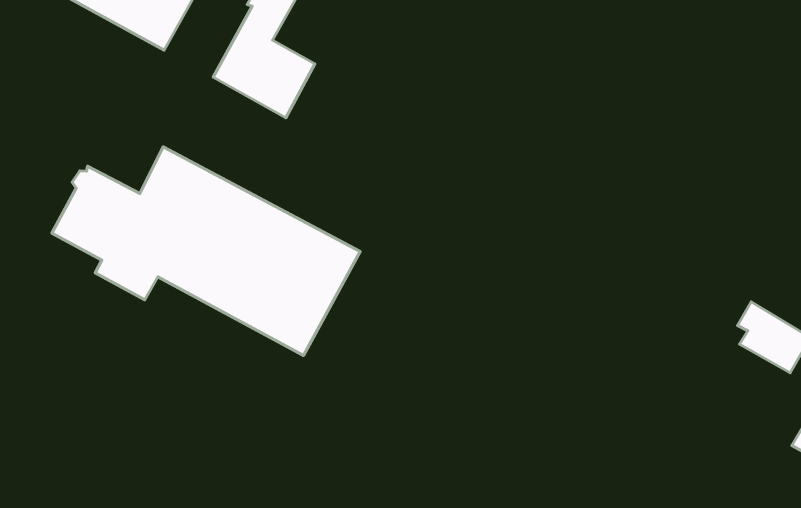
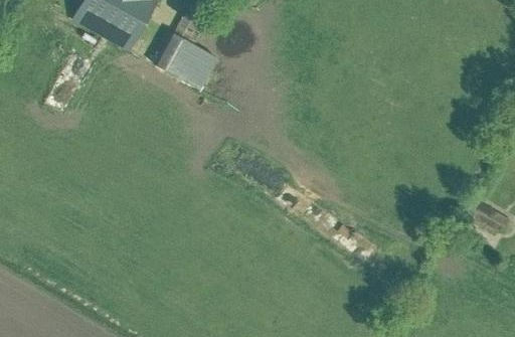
building: [52,147,360,355] -> none

